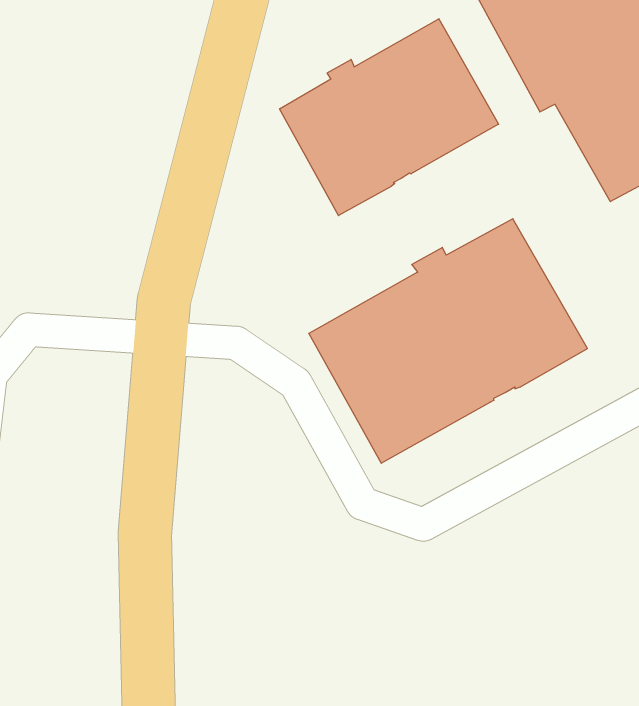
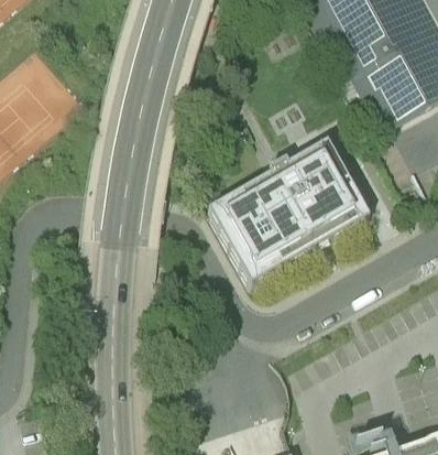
building: [280,19,499,216] -> none

